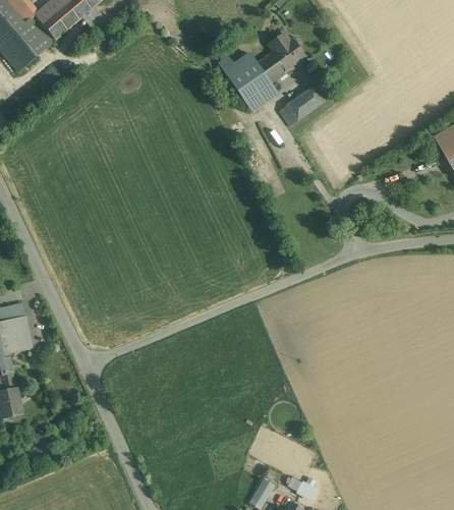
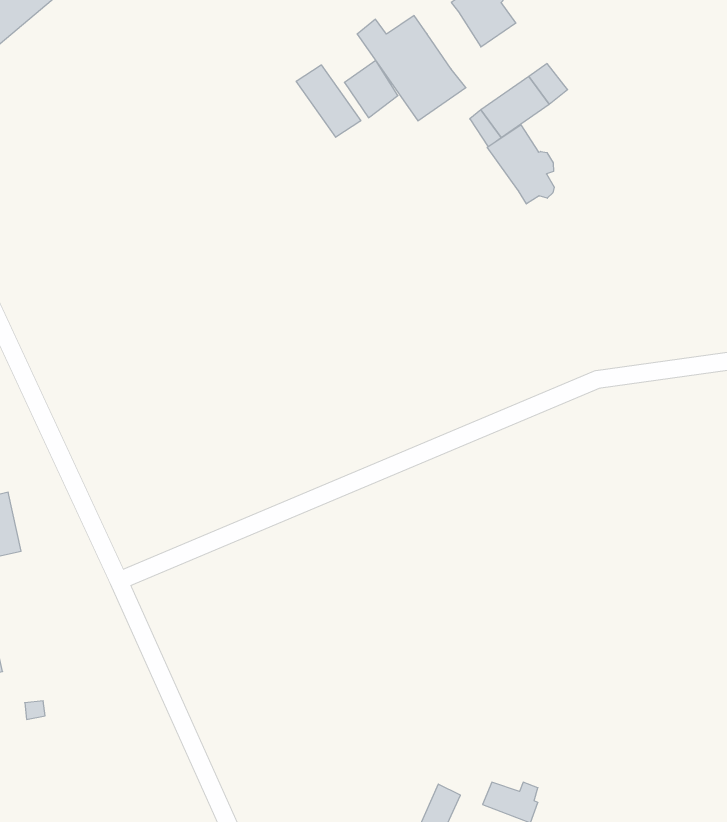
building: [256,51,285,82] -> [344,60,398,118]
building: none -> [296,65,361,137]
building: none -> [487,125,554,204]

